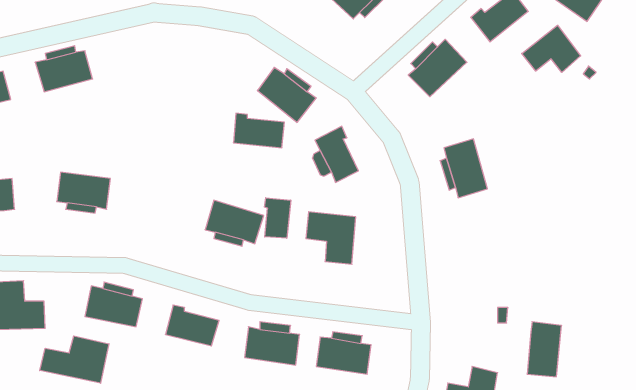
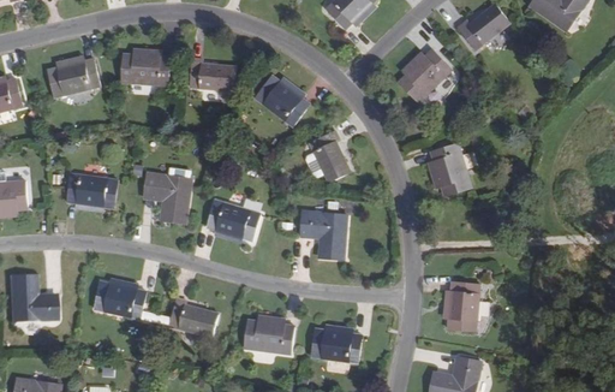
building: [522,25,581,72] -> none
building: none -> [120,54,169,85]
building: [233,113,284,148] -> [189,58,237,90]
building: none -> [143,173,191,222]
building: [265,198,291,238] -> none
building: [527,322,562,377] -> [447,280,479,332]
building: [40,336,109,383] -> none

